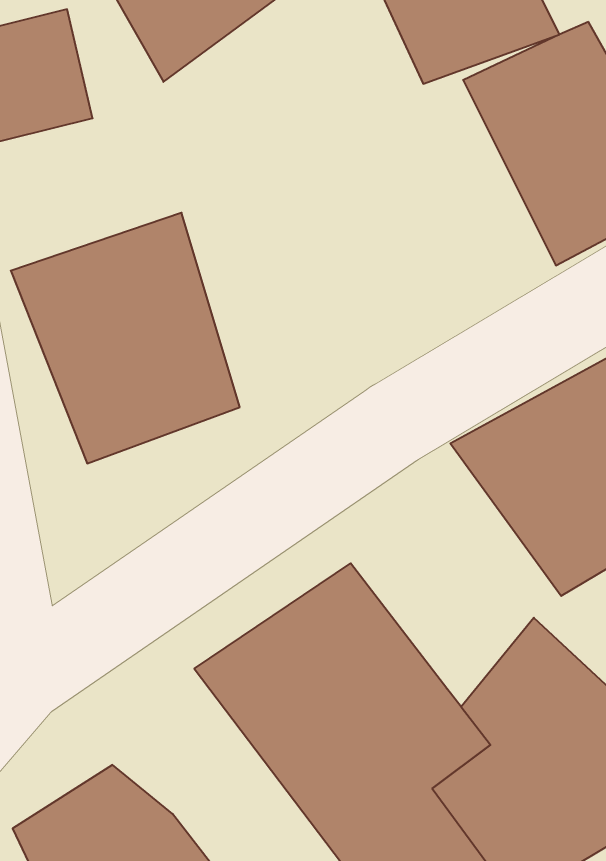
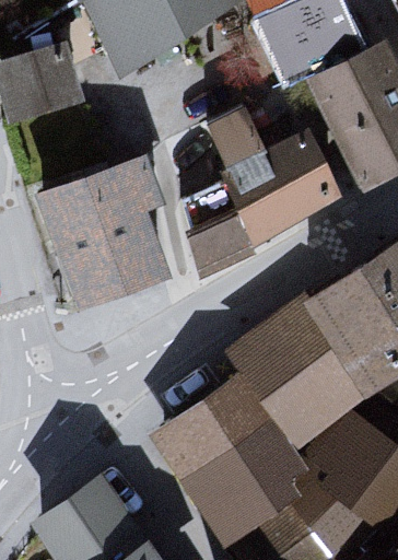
building: none -> [182,112,342,279]
building: none -> [224,300,366,447]

